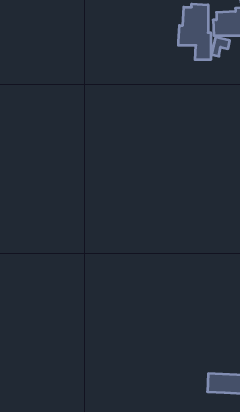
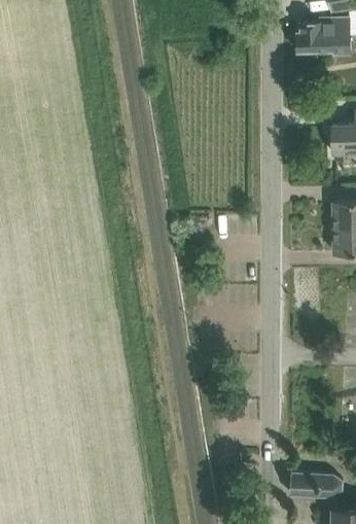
building: [178,4,211,60] -> none

